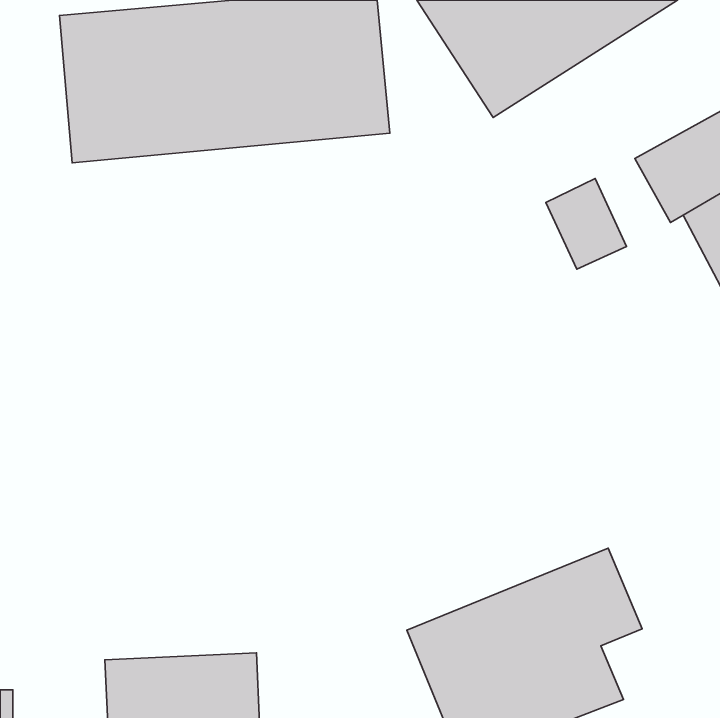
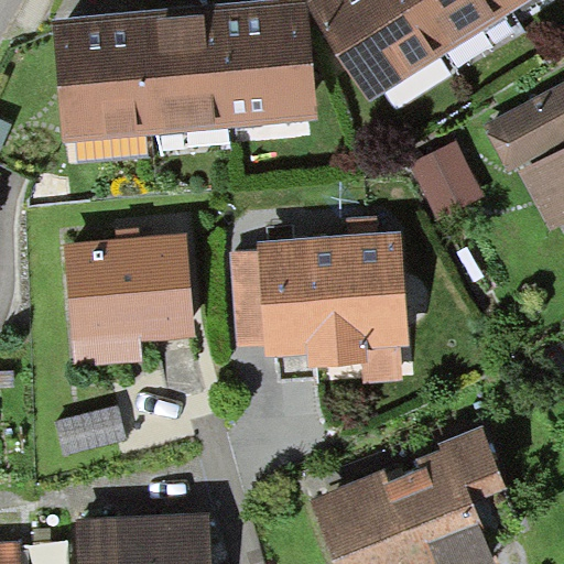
building: none -> [252,231,405,383]
building: none -> [66,238,189,369]

